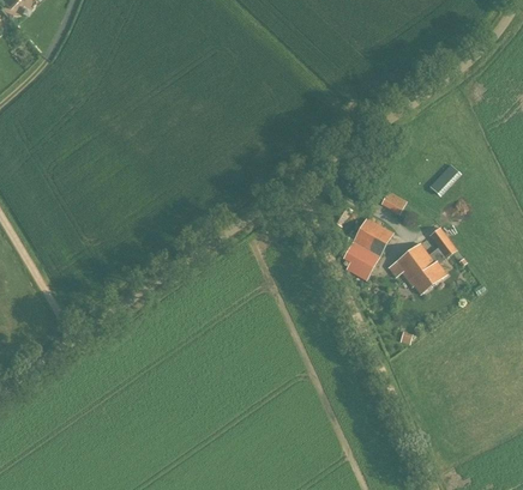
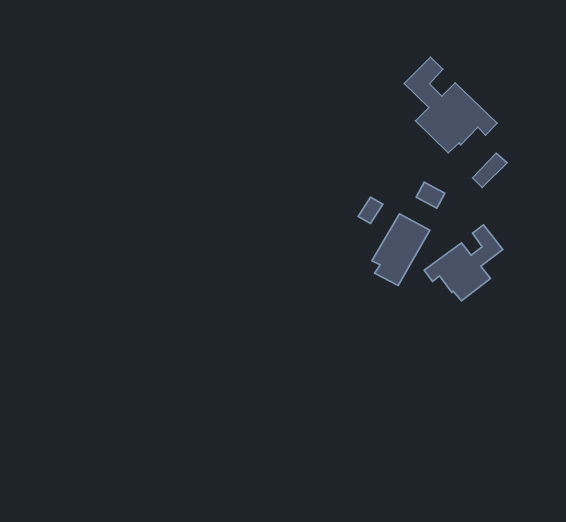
building: none -> [404,57,497,153]

